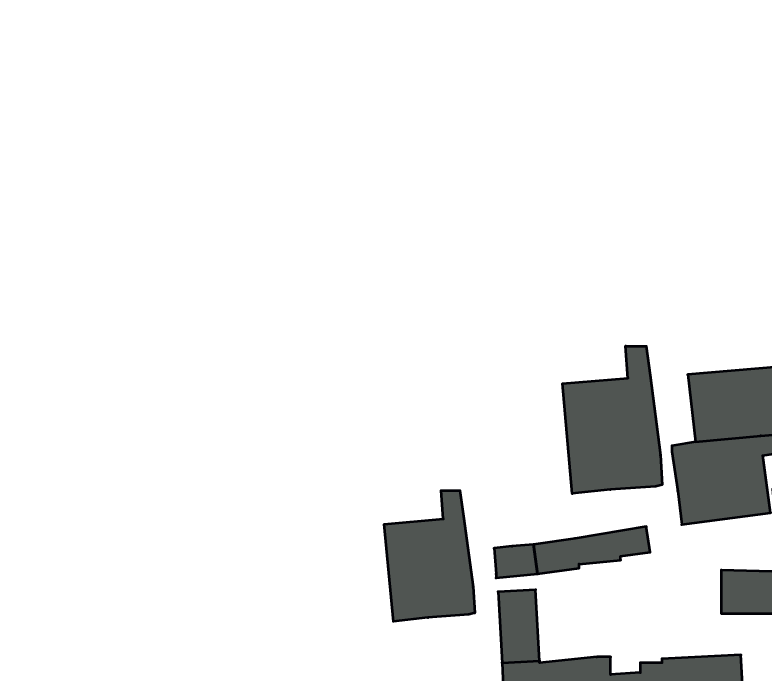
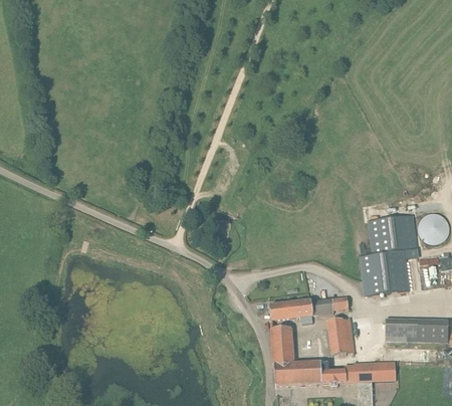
building: [563,346,662,494] -> none
building: [384,491,475,621] -> none
building: none -> [326,316,364,354]

